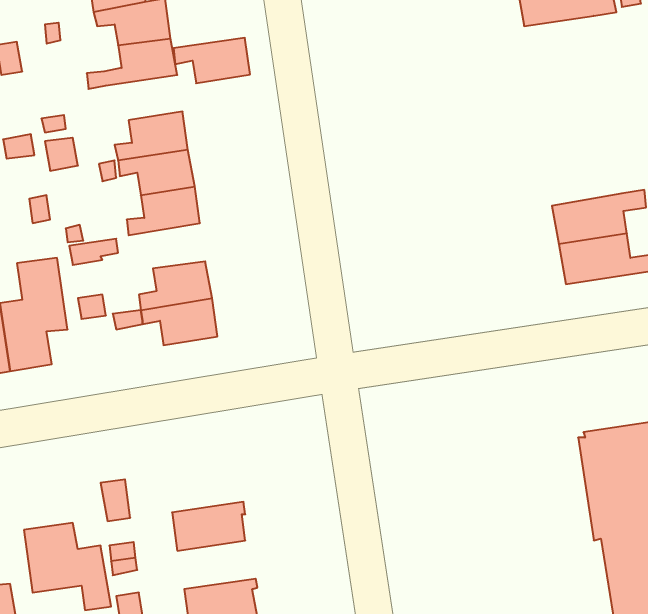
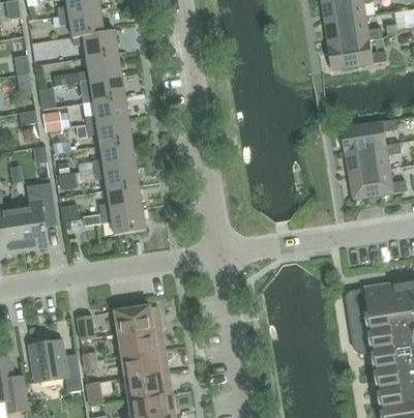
building: none -> [328,39,386,69]
building: [173,38,250,83] -> [80,74,125,101]
building: none -> [342,119,397,152]
building: none -> [93,162,139,189]
building: none -> [115,305,161,334]
building: none -> [122,351,169,380]

